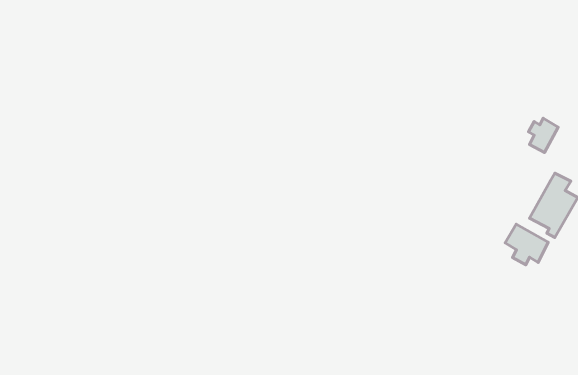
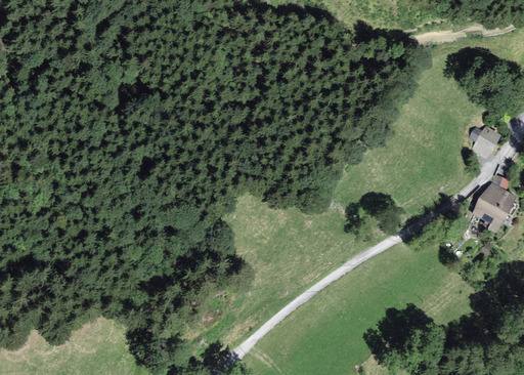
building: [505,224,548,265] -> none

